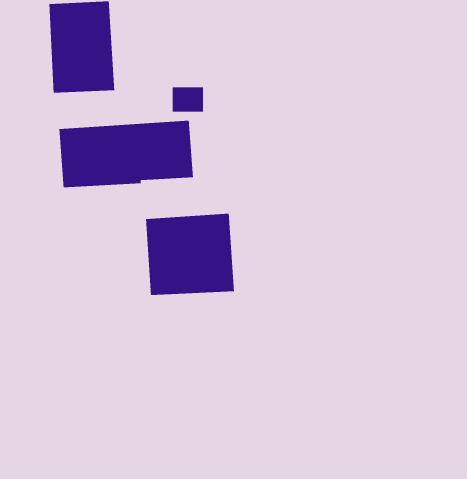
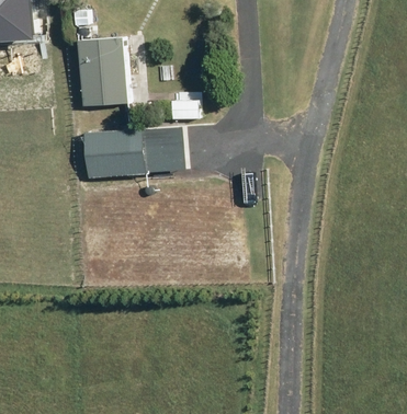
building: [145,213,235,296] -> none

